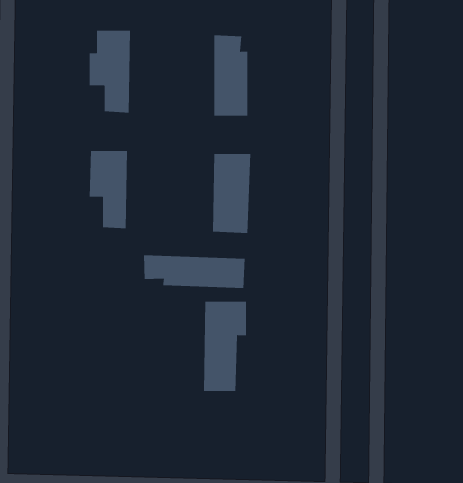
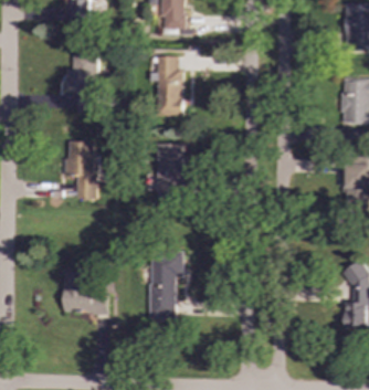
building: [143,254,245,289] -> none
building: none -> [64,271,108,313]

